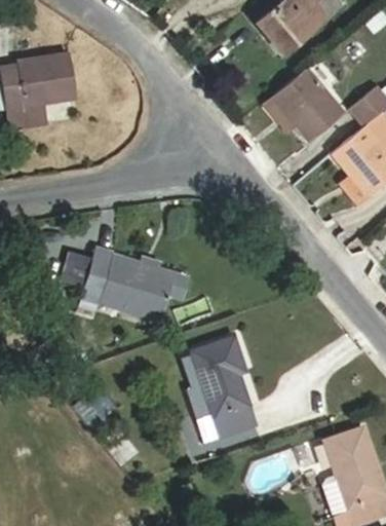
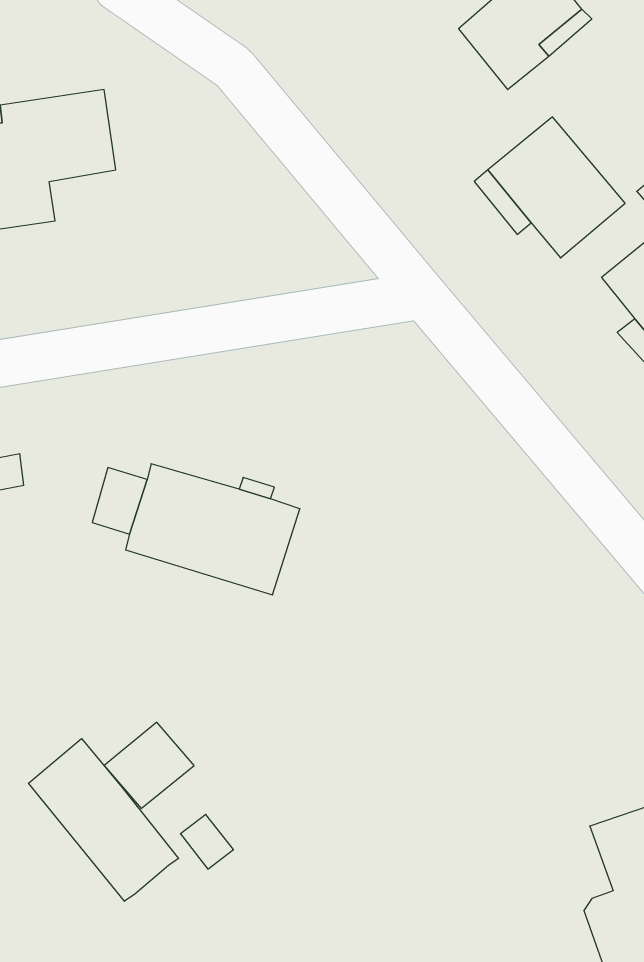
building: [182,338,257,438] -> none
building: none -> [28,739,179,901]

